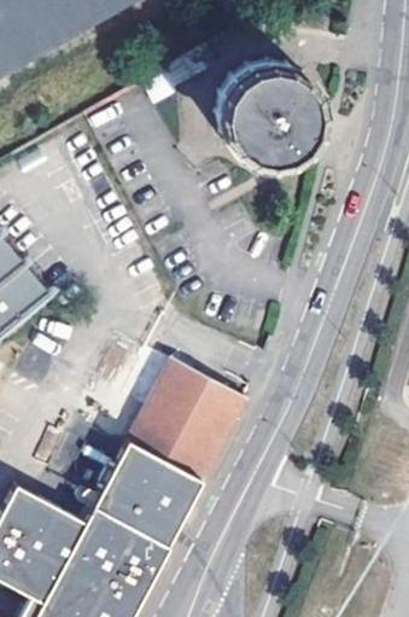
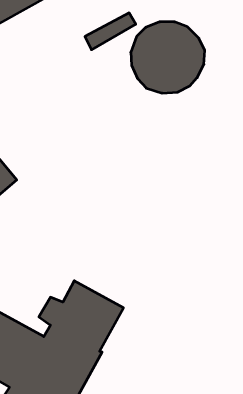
building: [130,356,247,478] -> none

